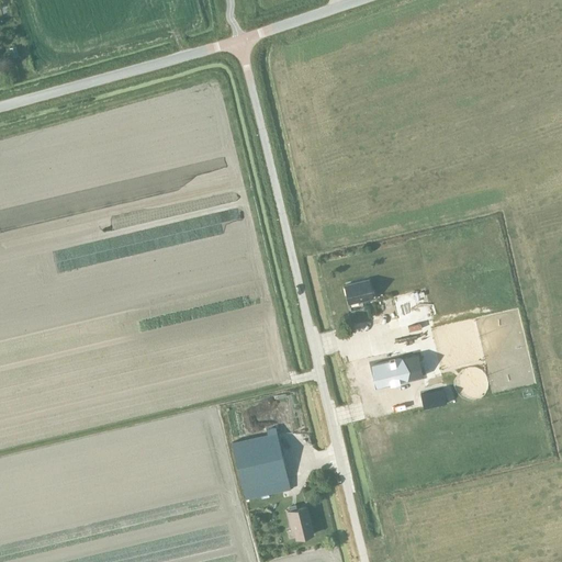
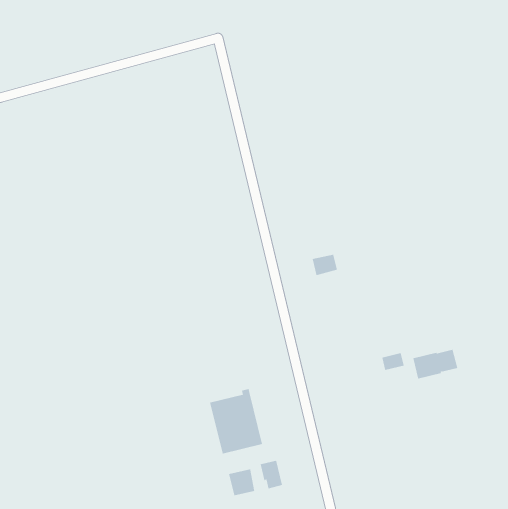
building: [373,355,424,387] -> [412,349,458,379]
building: none -> [229,468,255,496]

